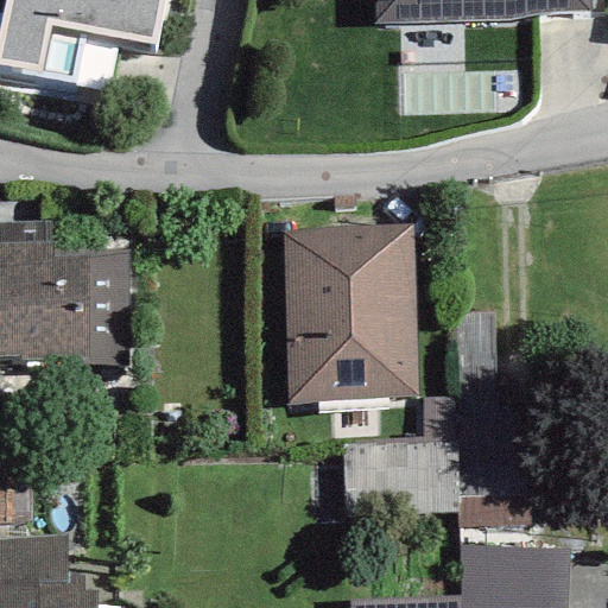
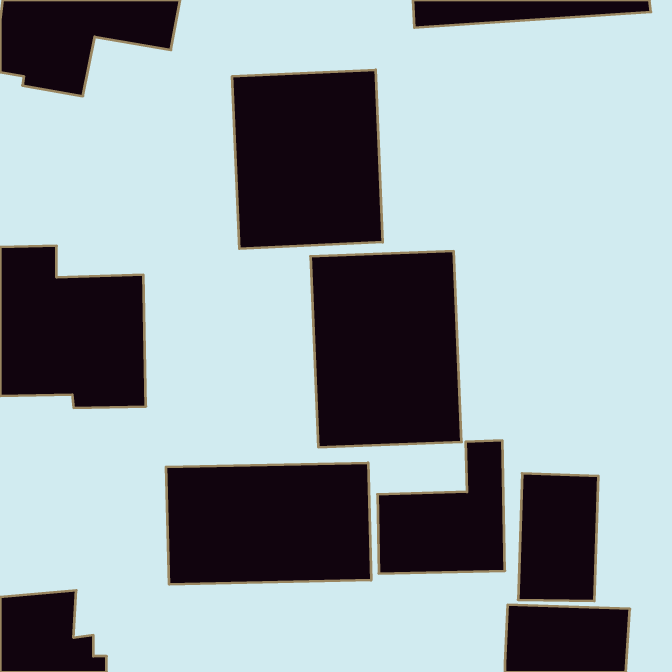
building: none -> [232,70,383,249]
building: none -> [166,463,371,584]

